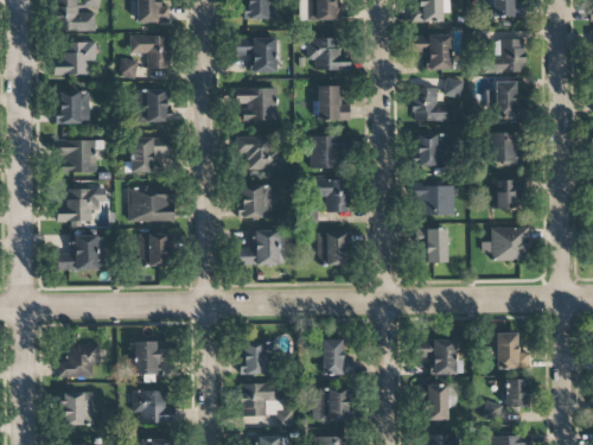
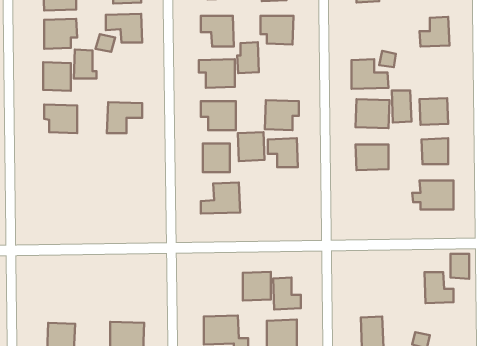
building: [410,36,452,70] -> none
building: [495,82,517,119] -> [392,90,411,122]
building: [314,85,339,121] -> [237,42,259,73]
building: [145,89,171,122] -> [74,50,96,78]
building: [128,187,174,222] -> none
building: [56,189,101,228] -> none
building: [417,229,447,263] -> none
building: [138,231,170,267] -> none
building: [317,233,347,266] -> [238,132,264,161]
building: [62,236,103,271] -> none
building: [416,339,457,375] -> none
building: [58,342,101,377] -> none
building: [134,342,159,382] -> none
building: [241,342,273,375] -> [243,272,271,301]
building: [505,380,527,408] -> [451,254,469,279]

